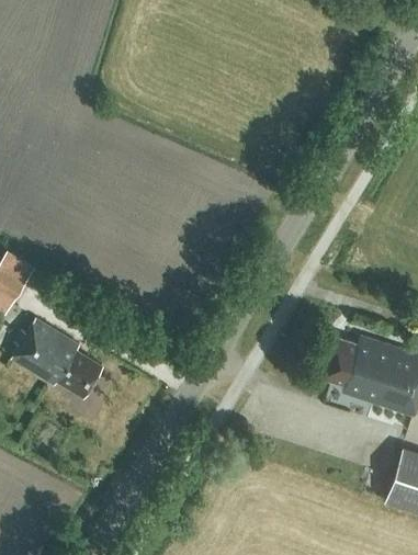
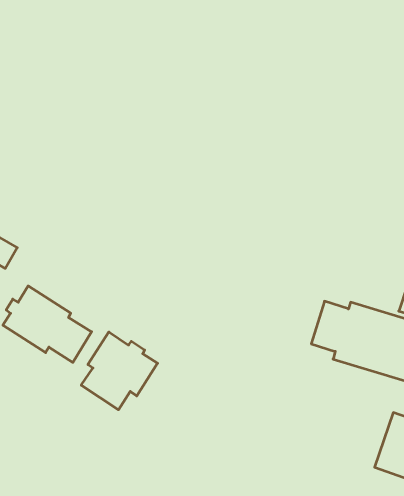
building: none -> [81,332,158,410]

